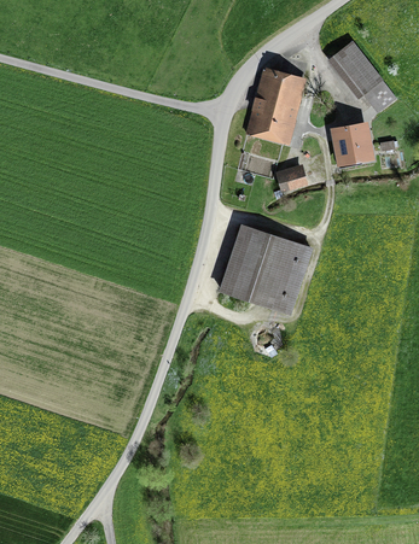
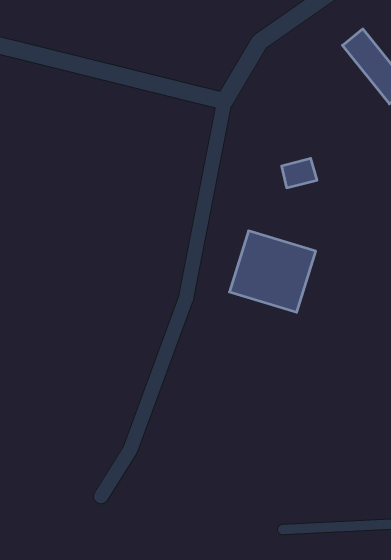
building: [249,71,297,139] -> none
building: [330,122,369,162] -> none

